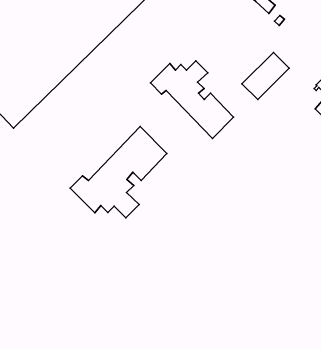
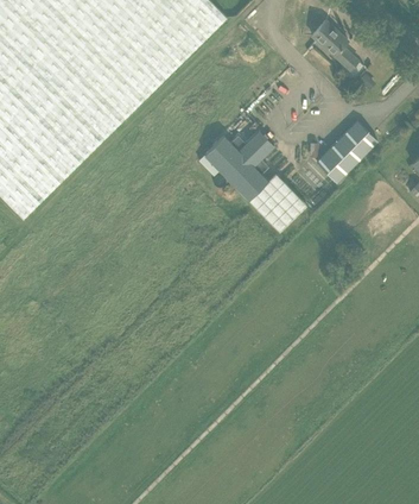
building: [70,126,167,218] -> none

